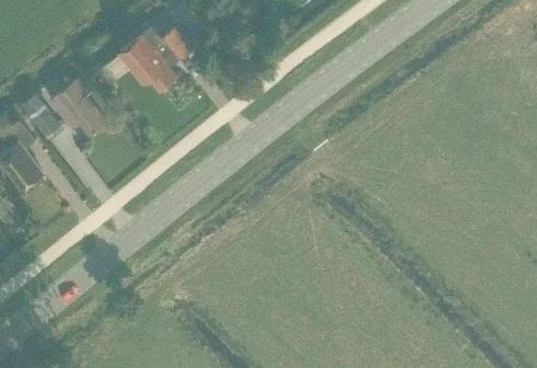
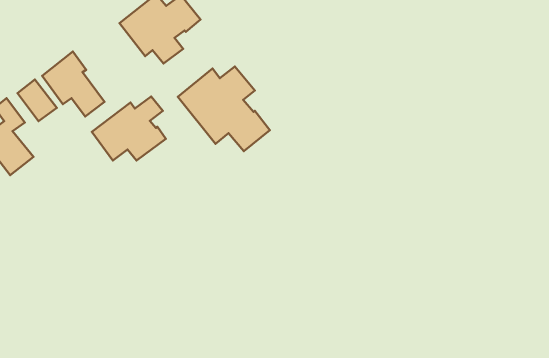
building: none -> [178,67,270,151]
building: none -> [92,97,166,160]

